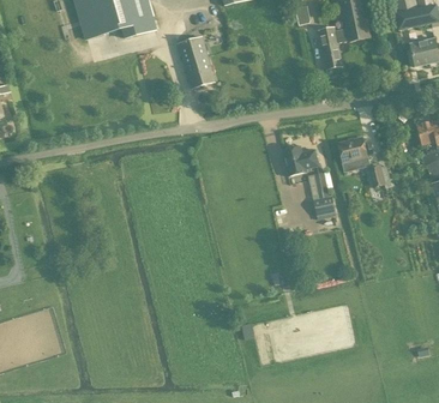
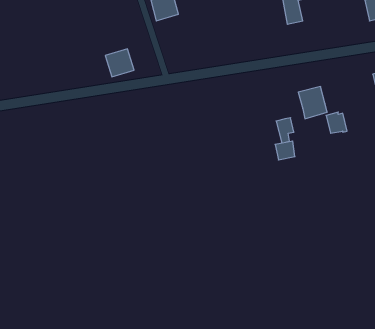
building: [185,58,216,88] -> [105,49,134,77]
building: [283,145,320,174] -> none

